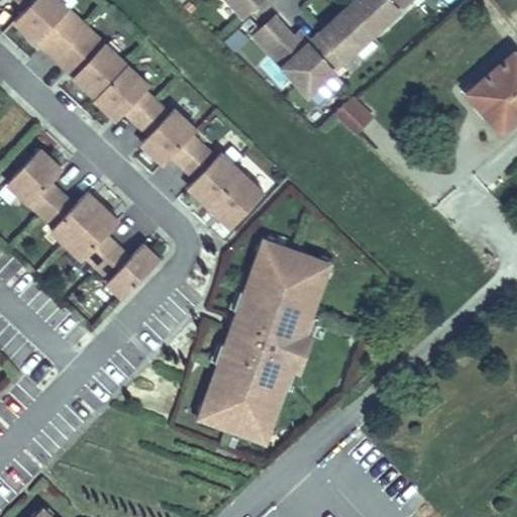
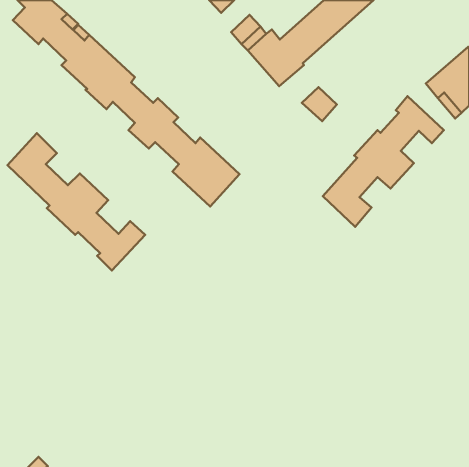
building: none -> [323,96,444,227]
building: [195,233,333,441] -> none

